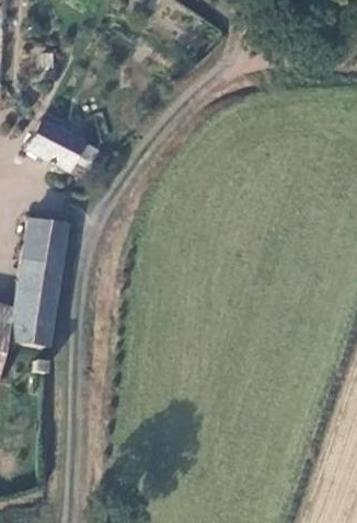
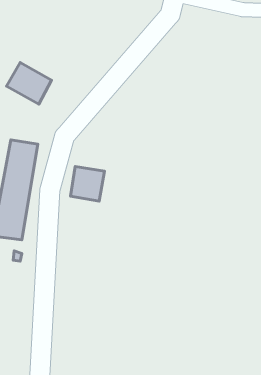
building: none -> [71,167,104,201]

